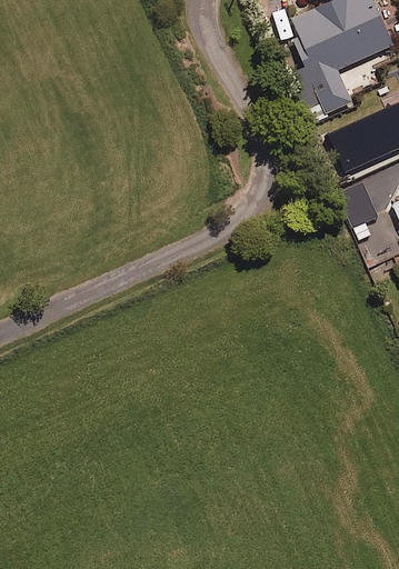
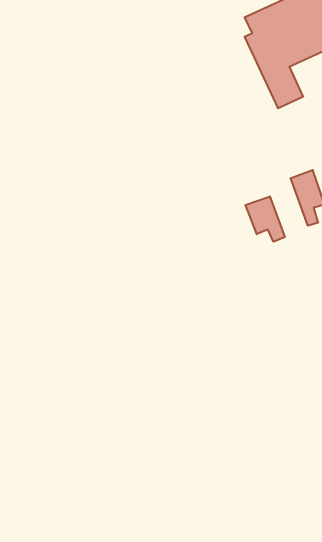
building: none -> [245,196,285,242]

